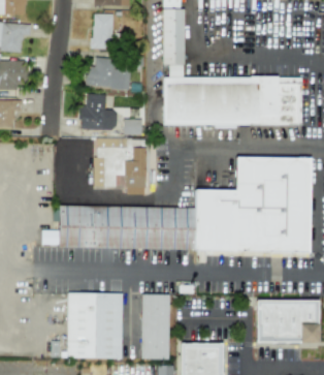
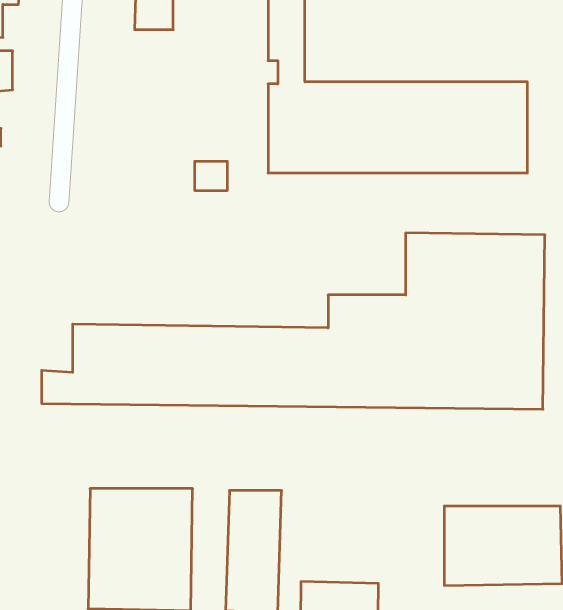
building: [86,59,131,90] -> none
building: [79,94,117,130] -> none
building: [95,138,145,194] -> none

